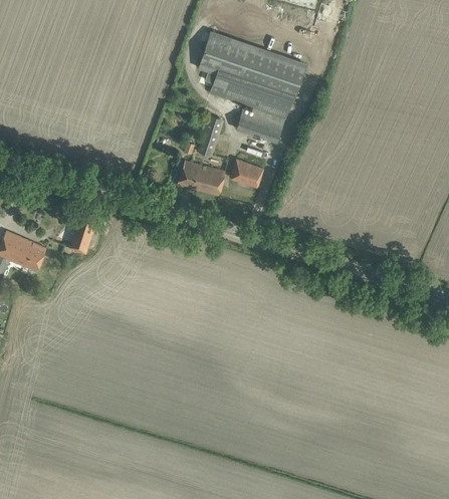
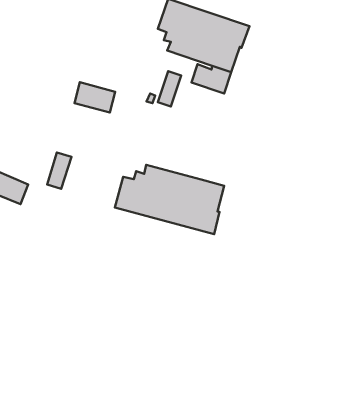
building: [230,160,263,187] -> none
building: [178,161,225,196] -> [74,82,115,113]
building: none -> [115,165,224,234]

